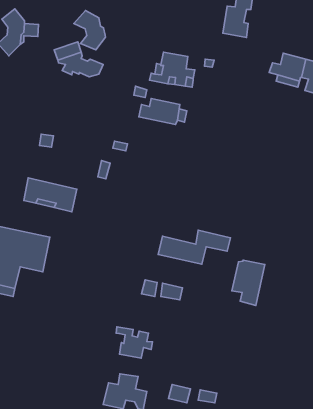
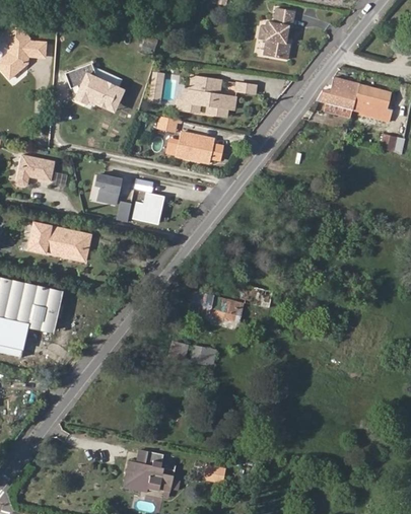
building: [74,11,105,50] -> none
building: none -> [13,153,52,186]
building: none -> [95,173,122,204]
building: none -> [132,193,164,224]
building: [232,260,265,305] -> none
building: [116,327,152,358] -> none

